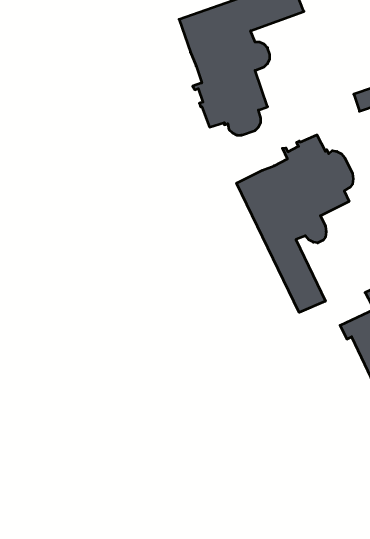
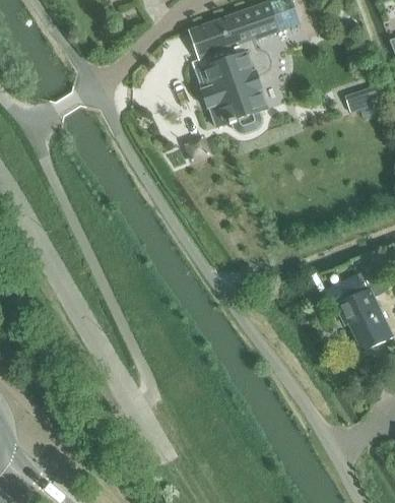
building: [237,135,353,312] -> none

